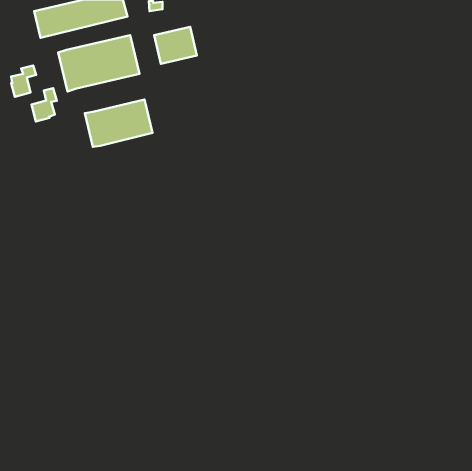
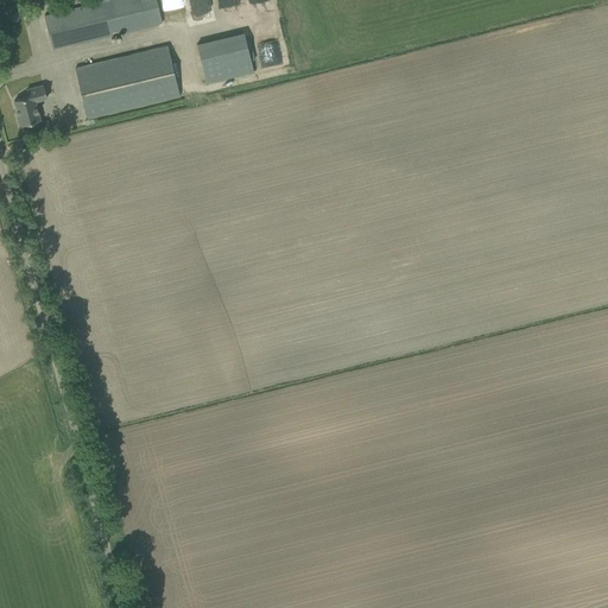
building: [32,88,57,121] -> none
building: [85,99,153,147] -> none

